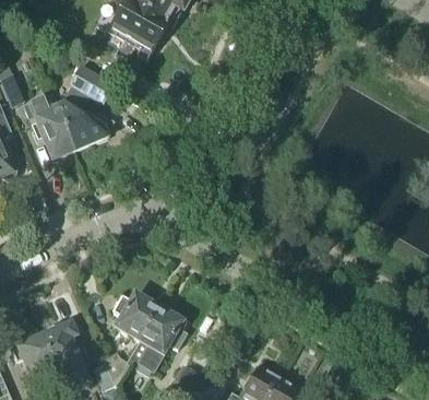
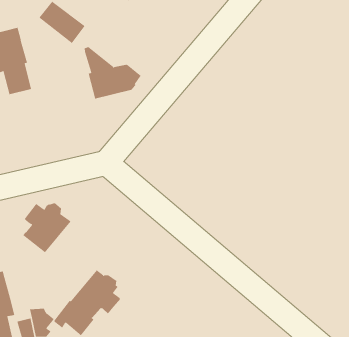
building: [56,101,114,149] -> [84,47,142,99]
building: [115,292,159,340] -> [23,203,72,253]

